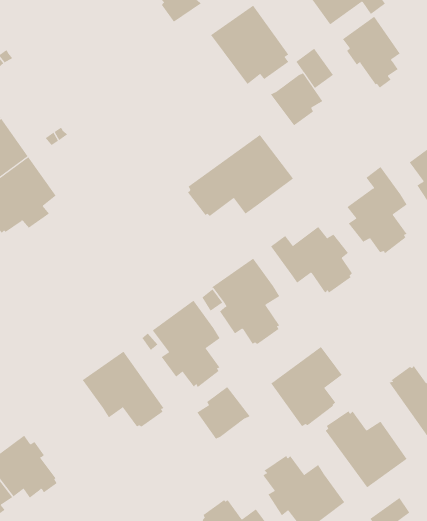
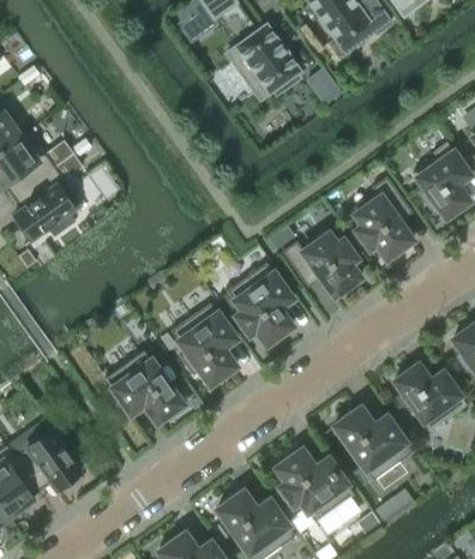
building: [342,16,400,88] -> none
building: [270,72,323,126] -> none
building: [187,134,294,217] -> none
building: [270,346,342,427] -> none
building: [196,386,250,440] -> none

